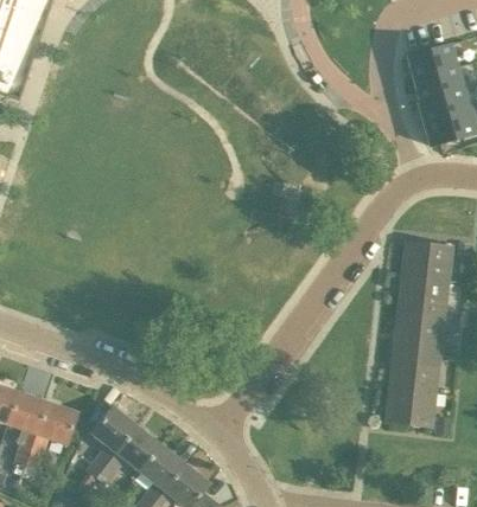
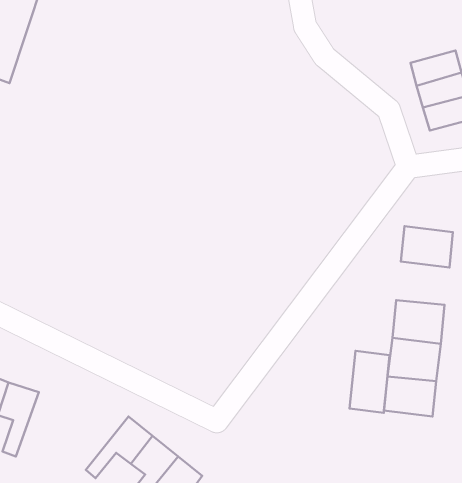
building: [405,44,456,79] -> none
building: [398,274,450,316] -> none
building: none -> [349,351,390,413]
building: [21,402,77,480] -> none
building: [84,406,135,477] -> none

